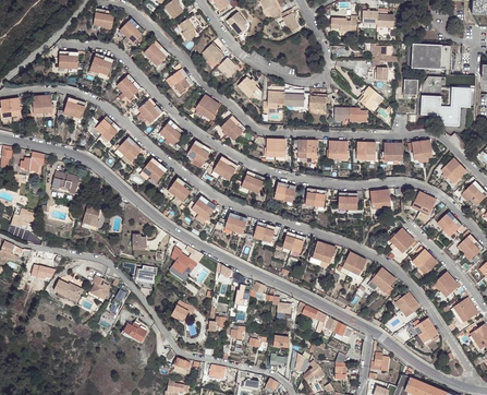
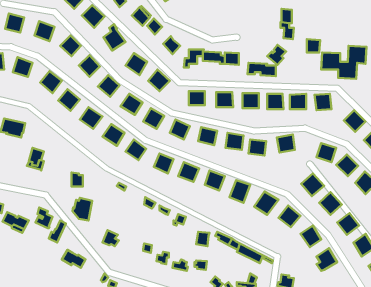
building: [411,44,451,70] -> none
building: [168,246,195,280] -> none

